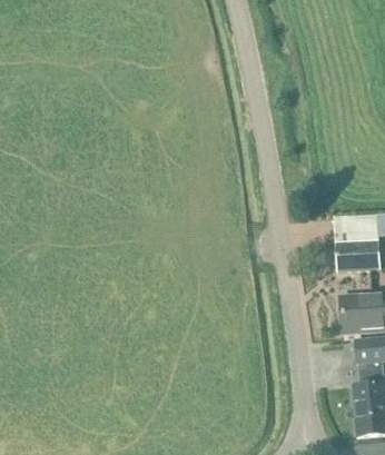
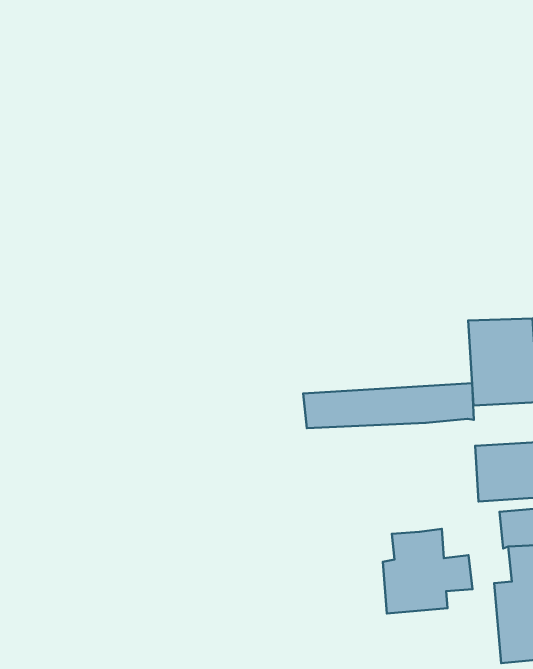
building: none -> [303,383,474,428]
building: none -> [383,529,473,613]

